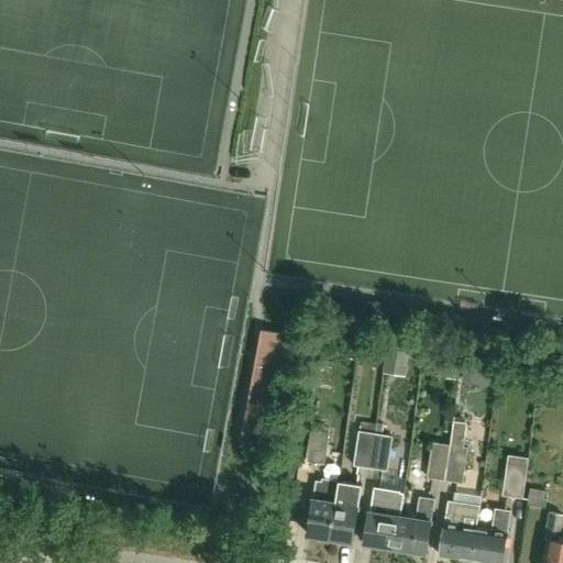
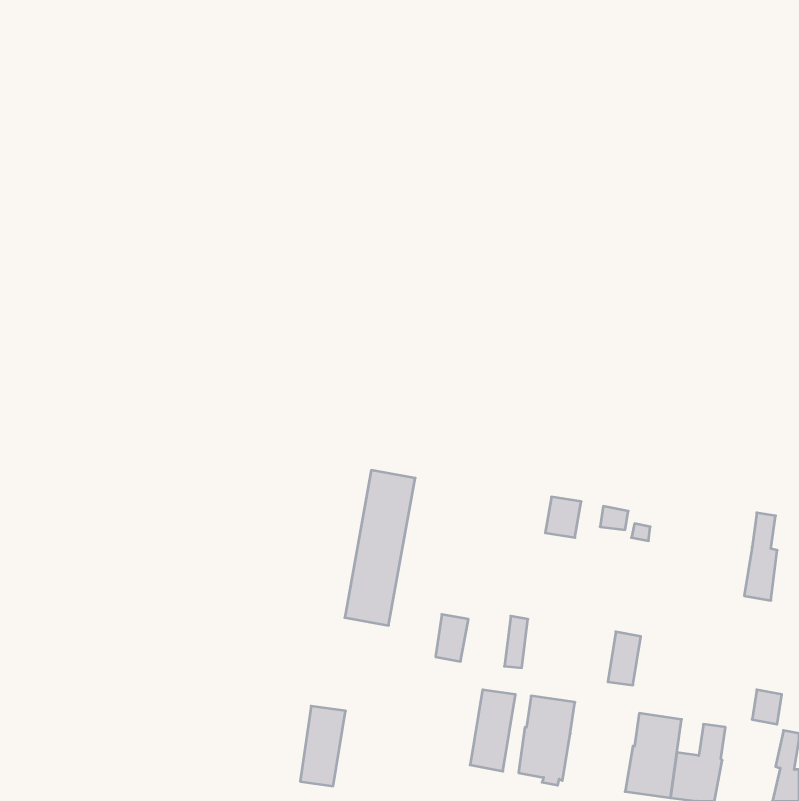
building: [444,422,467,484] -> [744,513,777,600]
building: [366,434,391,472] -> none
building: [503,456,528,498] -> none
building: [307,481,339,537] -> [300,706,346,786]
building: [395,496,434,553] -> none

